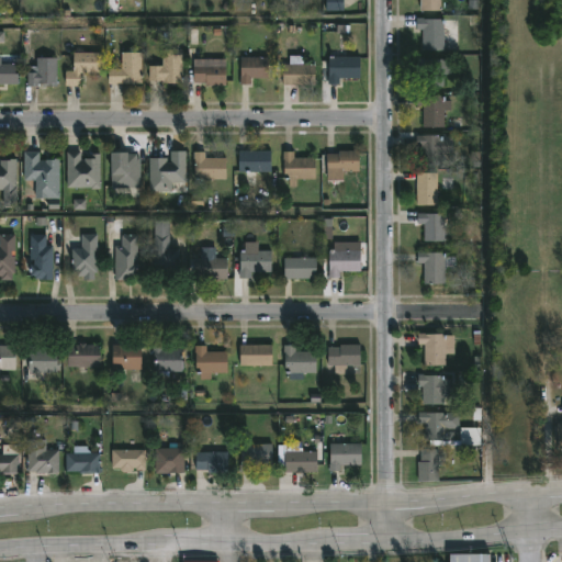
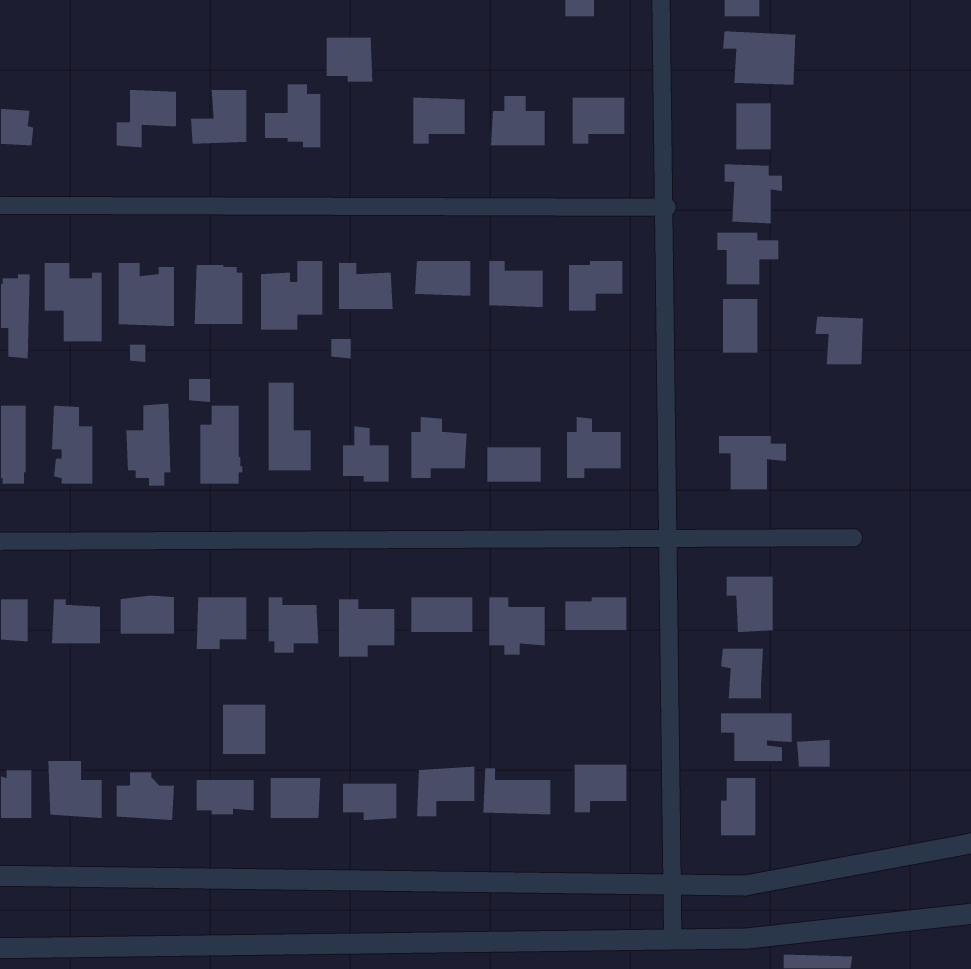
building: [29,57,58,86] -> none
building: [196,58,224,85] -> [326,37,373,82]
building: [415,212,443,240] -> [815,316,864,365]
building: none -> [222,704,266,755]

